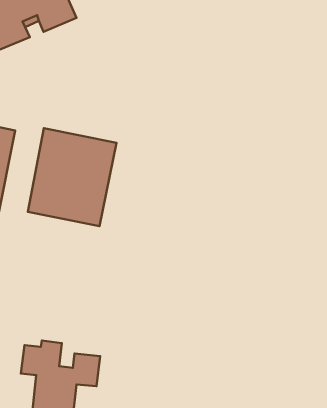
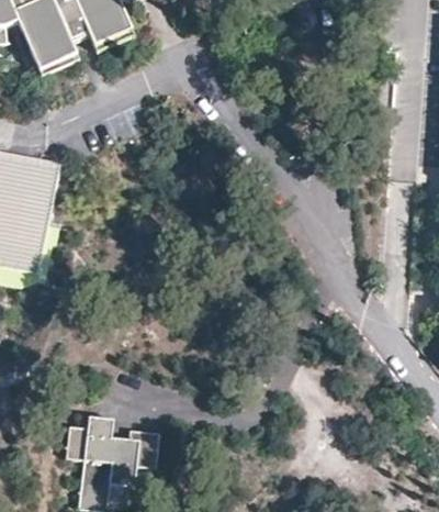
building: [28,128,117,226] -> none

